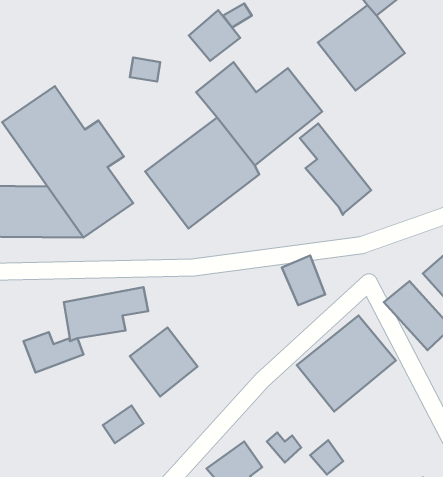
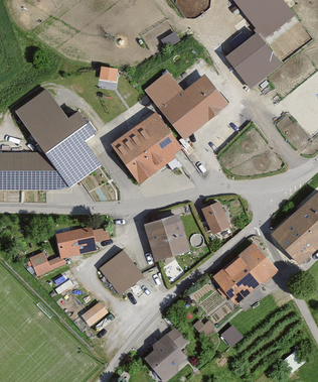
building: [189,10,240,61] -> none
building: [300,124,371,215] -> none
building: none -> [143,214,189,261]

